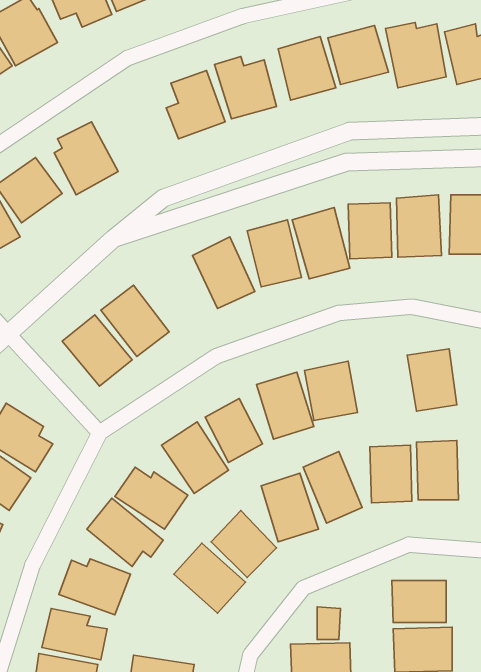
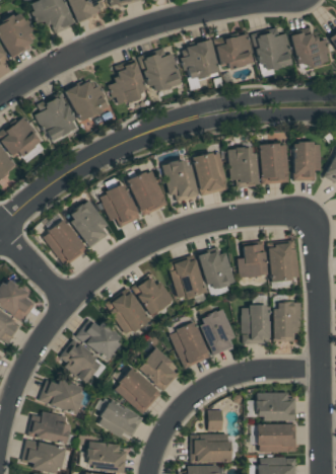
building: none -> [66,81,110,122]
building: none -> [99,184,140,227]
building: none -> [240,244,266,278]
building: none -> [98,401,143,441]

